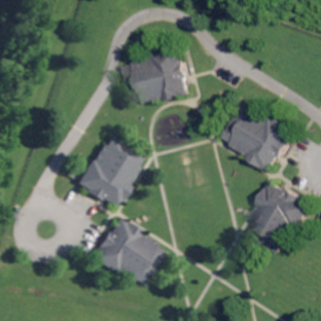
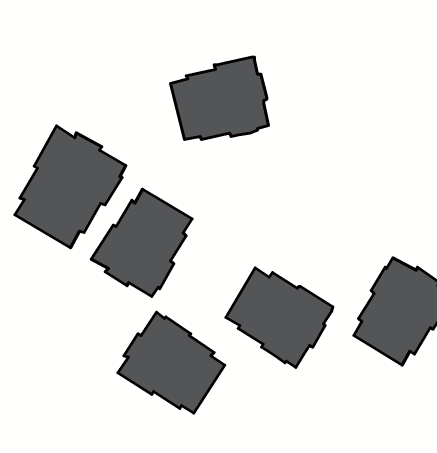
building: none -> [15,126,126,248]
building: [225,105,296,171] -> [226,268,333,367]

